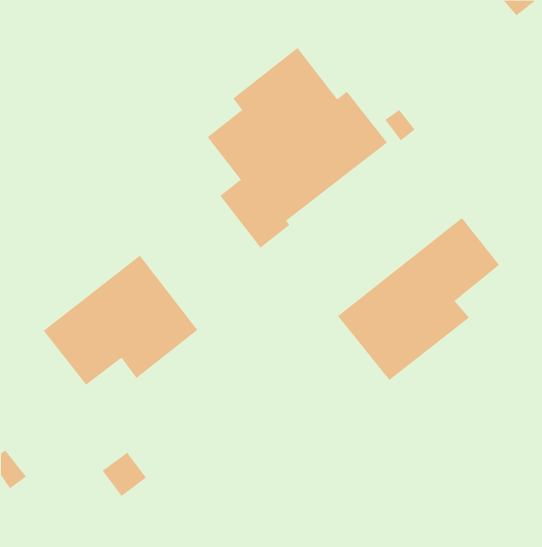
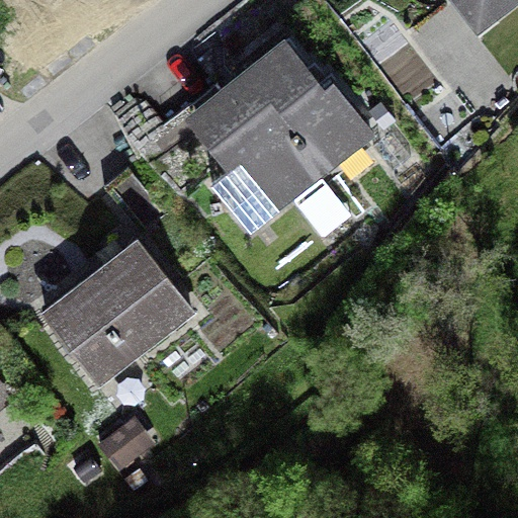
building: [337,217,500,381] -> none

